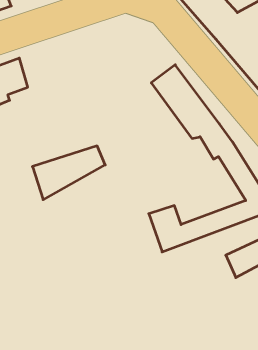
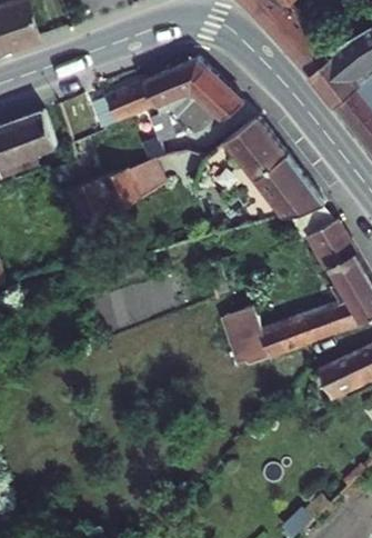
building: none -> [91,58,244,141]
building: [32,146,105,200] -> [74,161,172,233]

